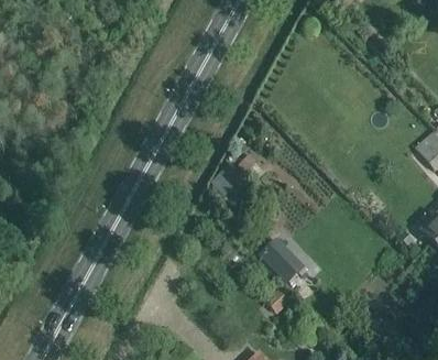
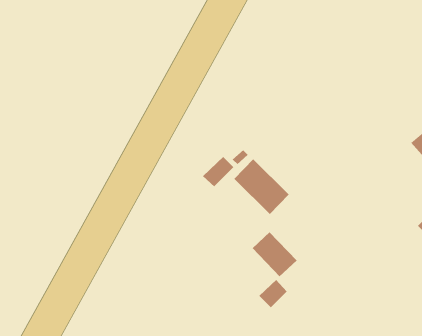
building: none -> [234,158,289,215]

